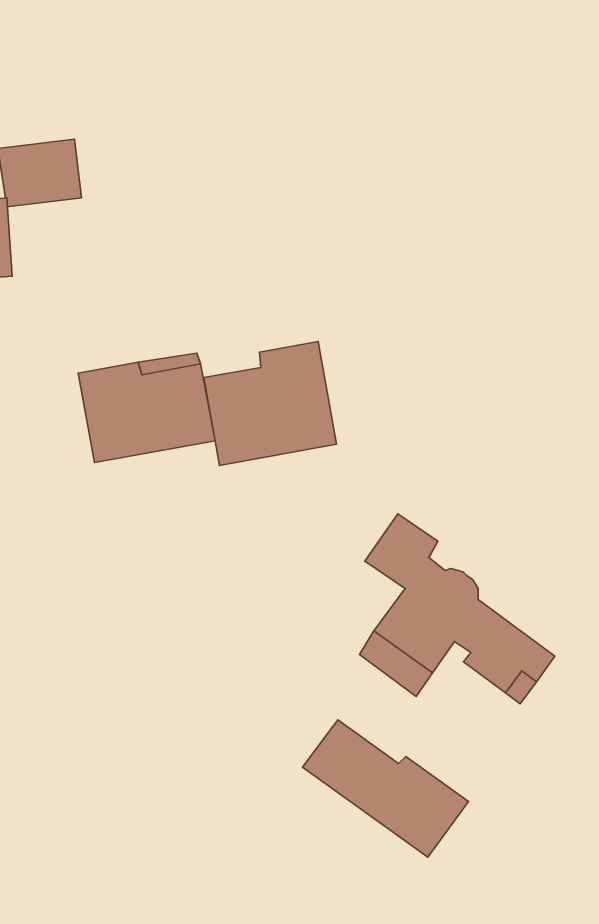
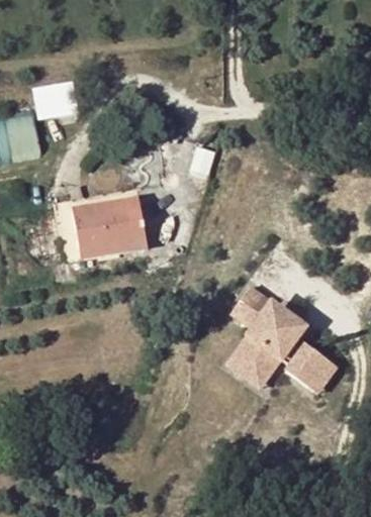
building: [204,342,337,466] -> none
building: [303,720,468,857] -> none

